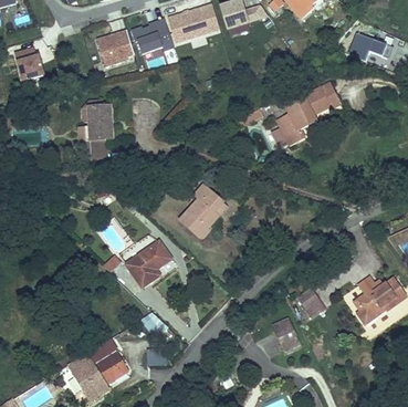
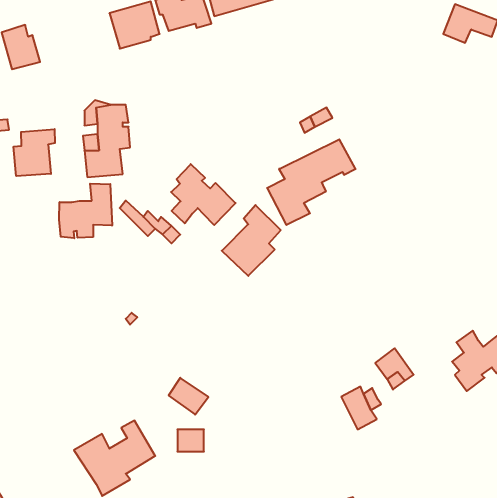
building: [274,83,341,147] -> [267,139,356,225]
building: none -> [14,129,55,176]
building: none -> [171,164,236,225]
building: none -> [59,184,112,238]
building: [125,244,169,290] -> none

